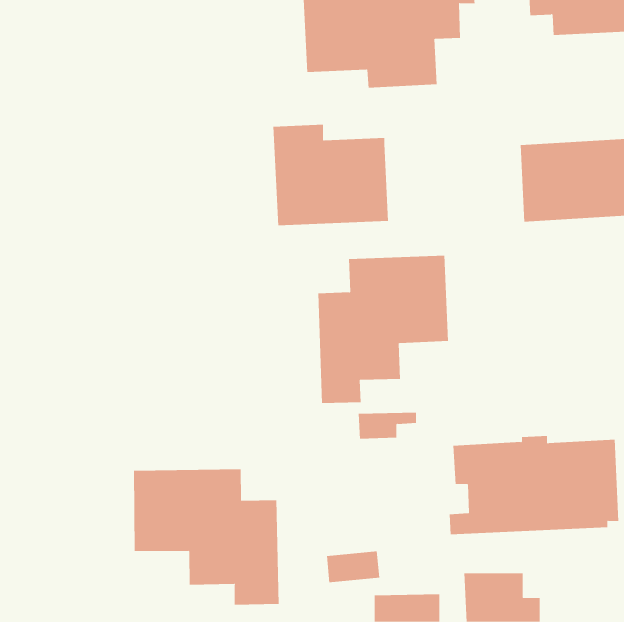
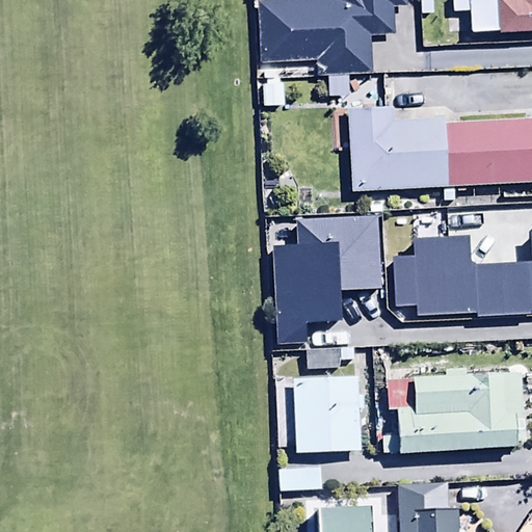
building: [272,124,389,226] -> [347,106,446,192]
building: none -> [397,216,511,312]
building: none -> [293,376,361,451]
building: [133,469,279,605] -> none

